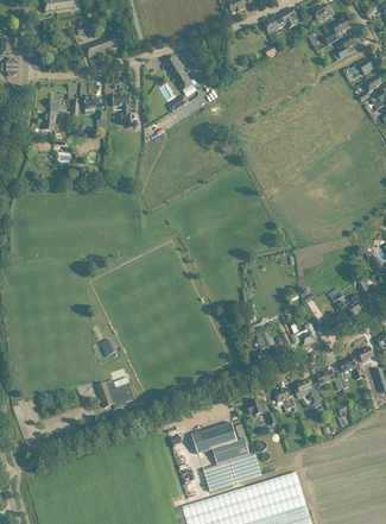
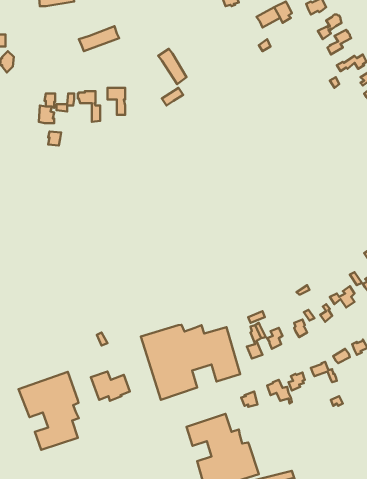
building: none -> [141,325,240,400]
building: none -> [19,372,79,450]

